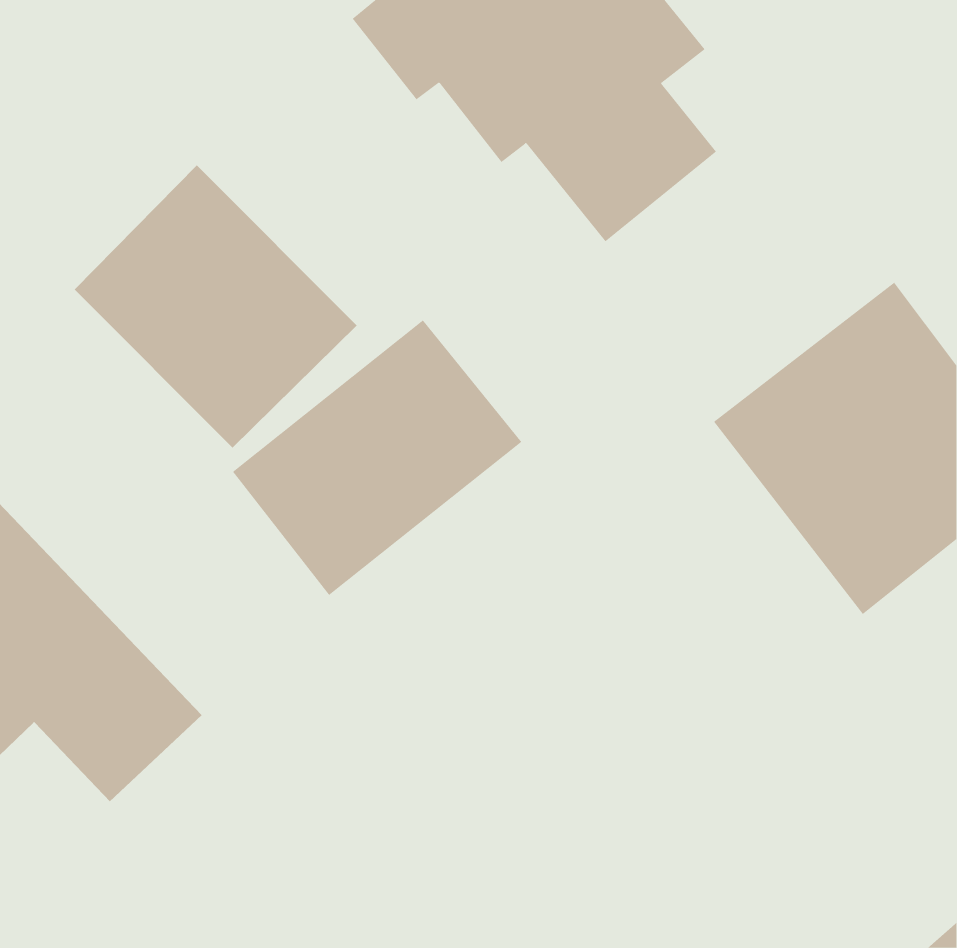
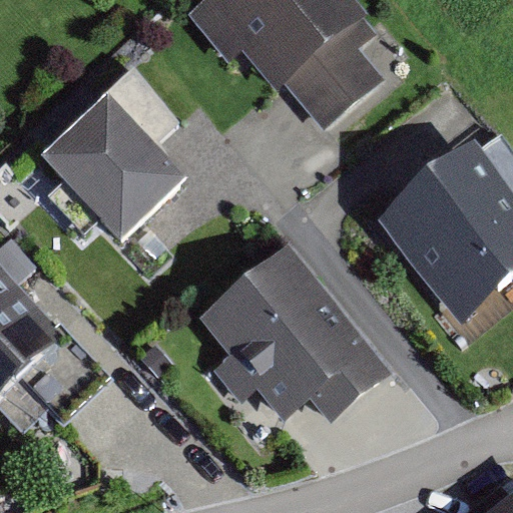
building: [232,320,522,596] -> none
building: none -> [200,243,392,424]

